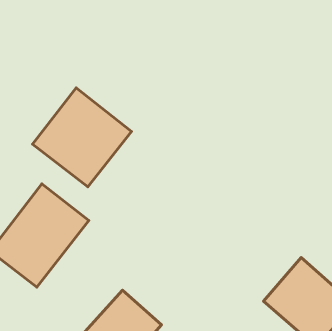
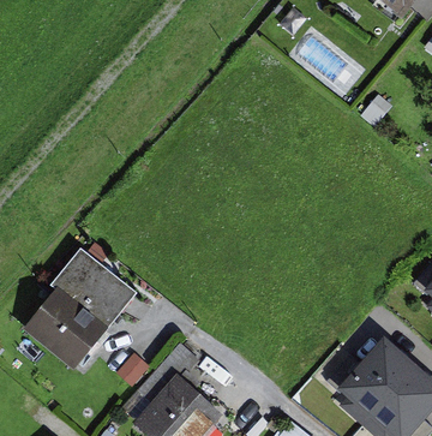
building: [33,88,131,187] -> none

